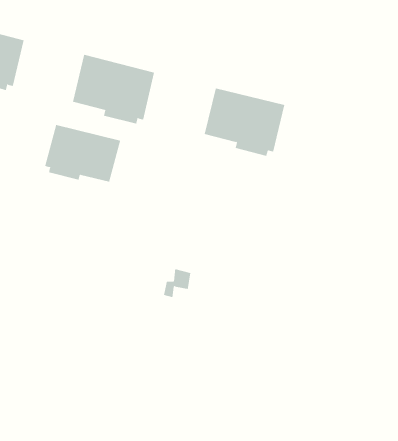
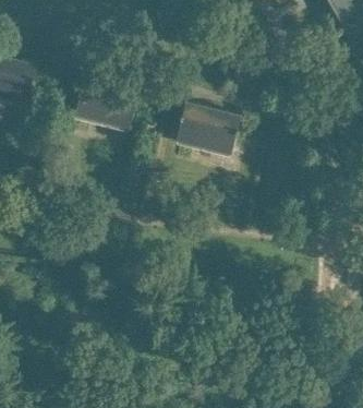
building: [44,124,121,183] -> none

